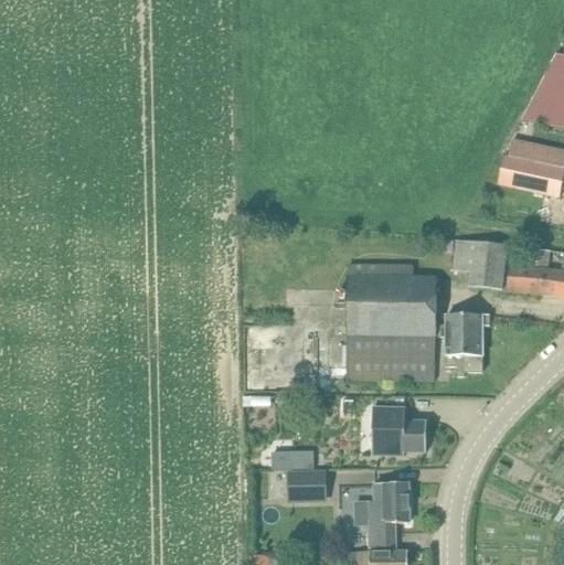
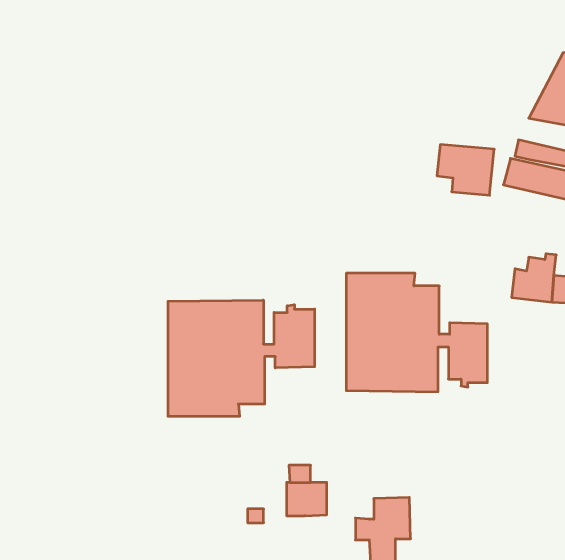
building: [453,238,508,287] -> [437,145,494,195]
building: none -> [168,300,315,416]
building: [372,404,427,452] -> none

